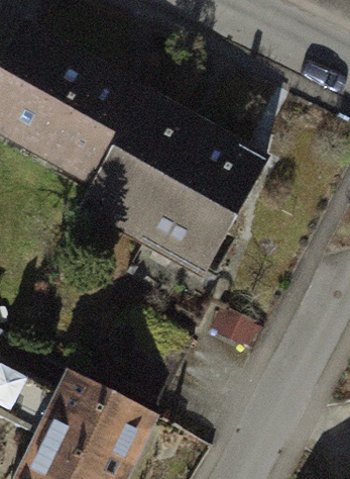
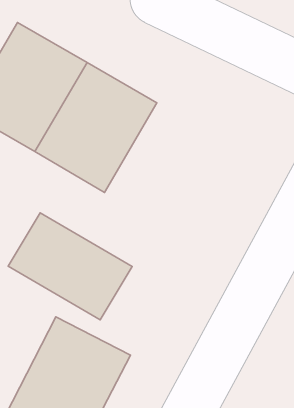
building: [129,119,269,270] -> none
building: none -> [8,213,132,320]

